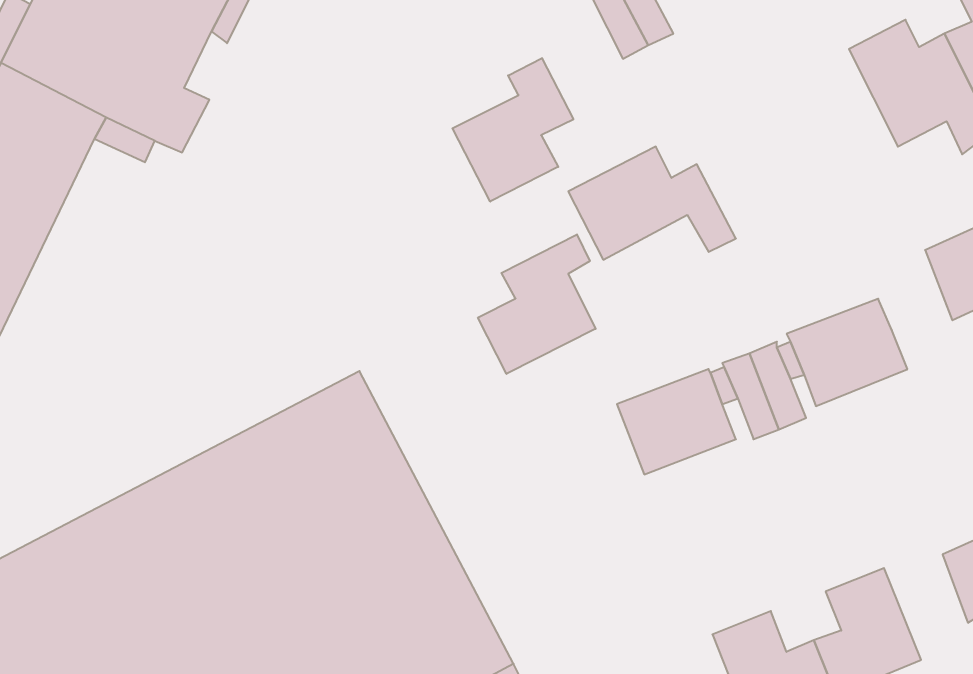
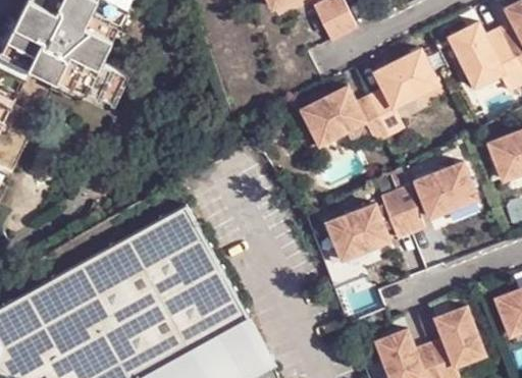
building: [452,58,573,202] -> none
building: none -> [367,49,436,136]
building: [478,234,596,374] -> none

